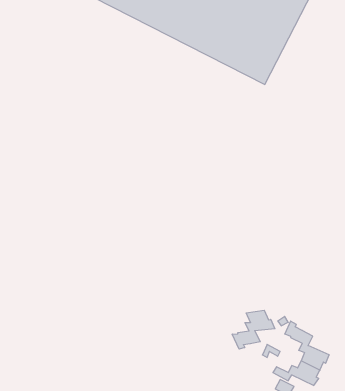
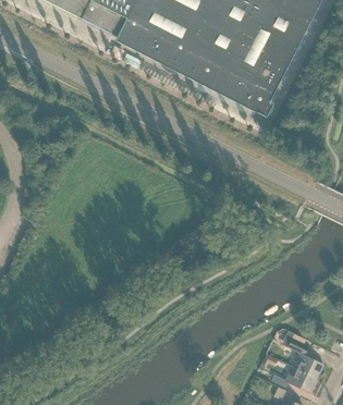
building: [232,310,275,349] -> none

